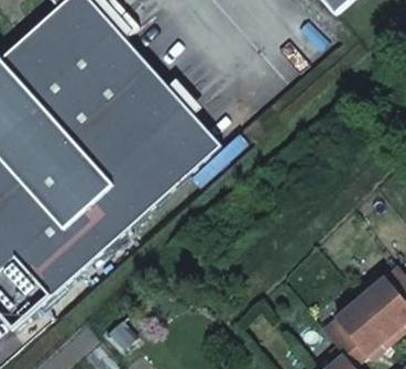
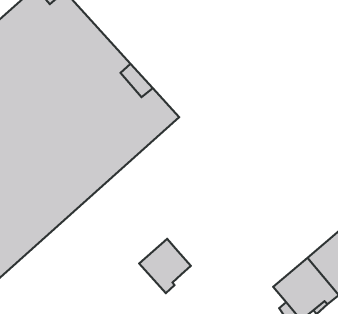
building: none -> [139,239,191,293]

